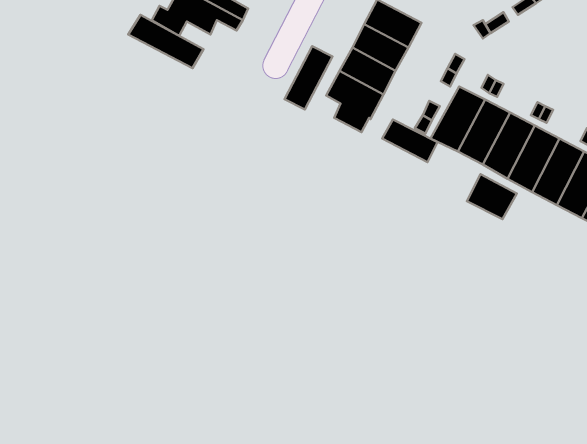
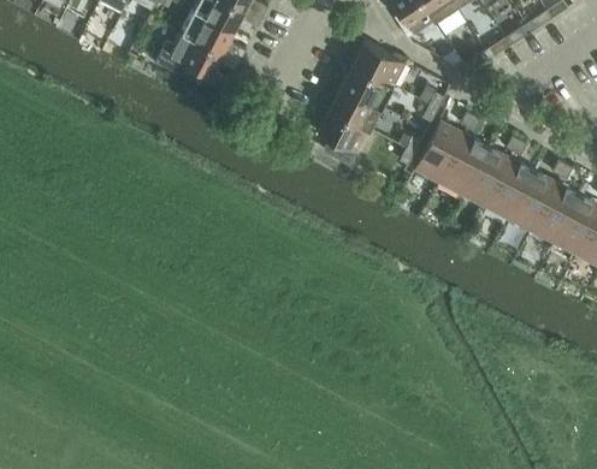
building: [128,15,204,68] -> none
building: [284,46,333,109] -> none
building: [382,119,437,162] -> none
building: [467,174,517,219] -> none

